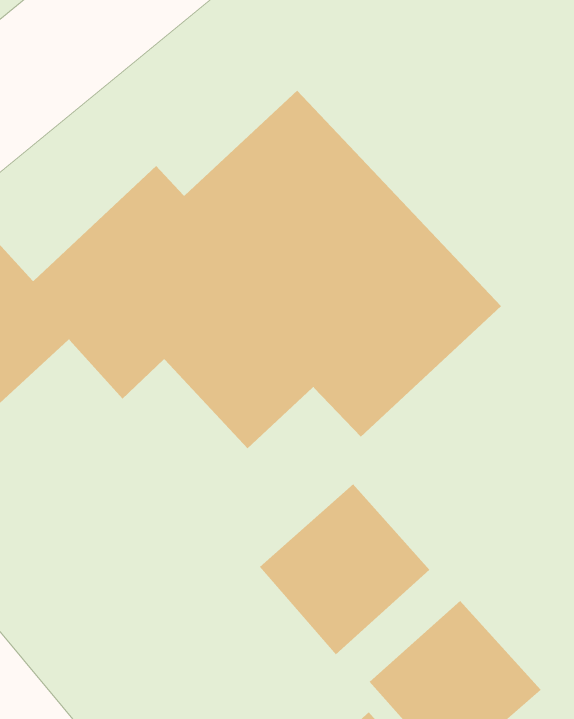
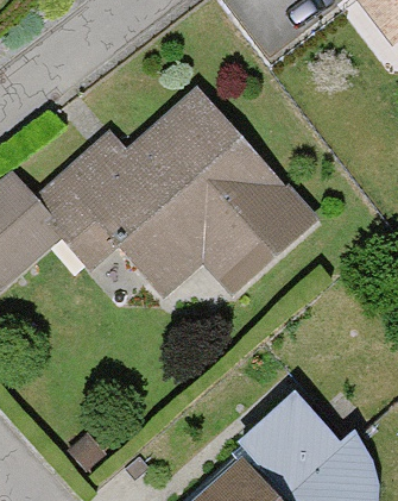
building: [259,483,430,655] -> none

